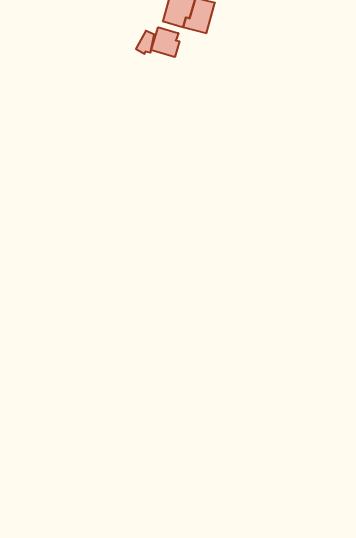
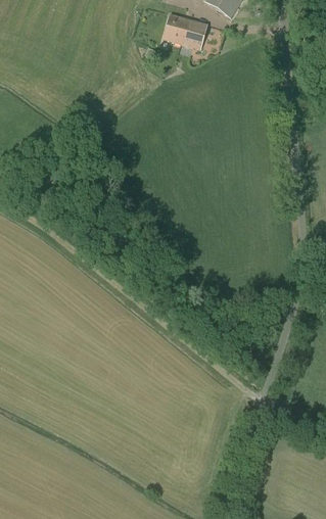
building: [151,27,179,57] -> none

